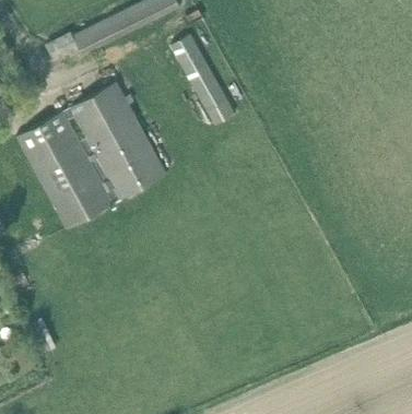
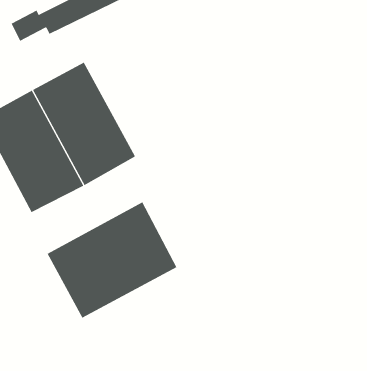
building: [169,34,233,126] -> none
building: none -> [47,201,177,319]

